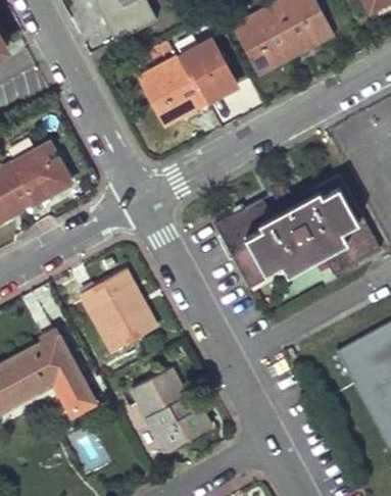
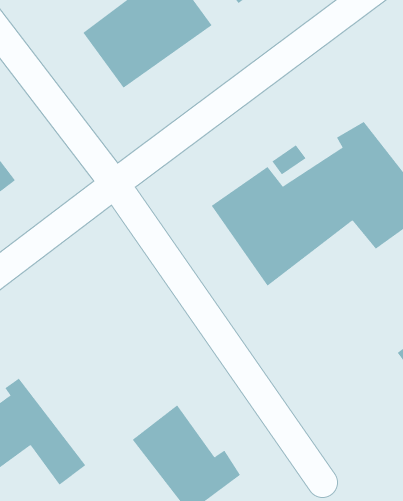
building: [81,269,158,352] -> none

